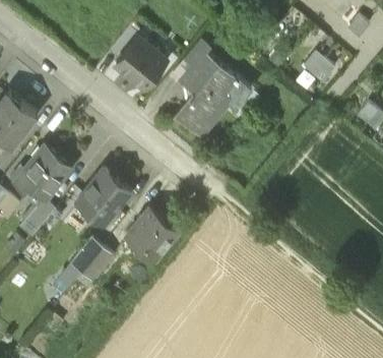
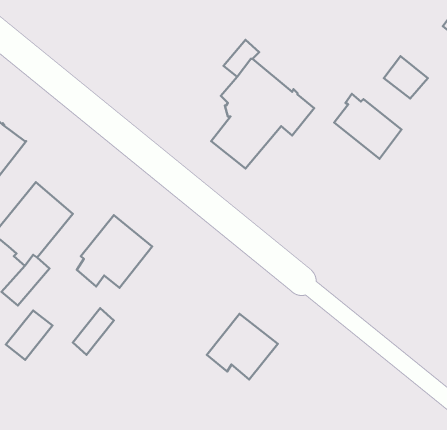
building: [116,39,166,88] -> none
building: none -> [334,94,402,159]
building: [126,207,179,256] -> [207,314,278,380]
building: [82,247,117,284] -> [6,310,53,360]

